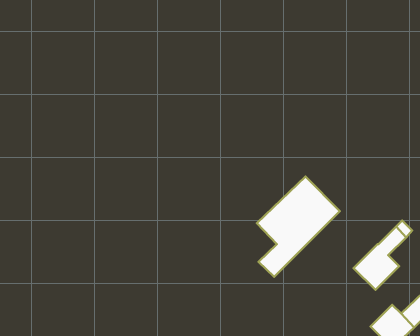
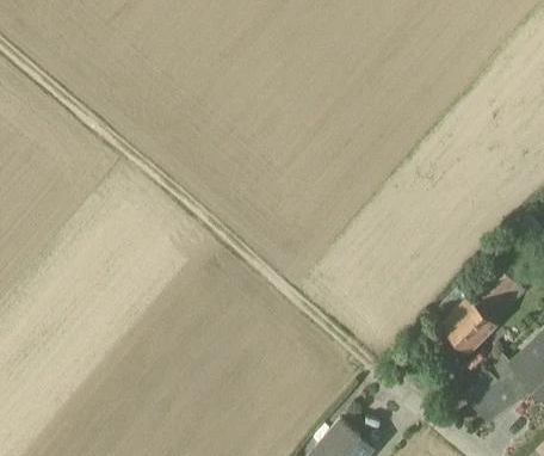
building: [257,177,340,277] -> none

